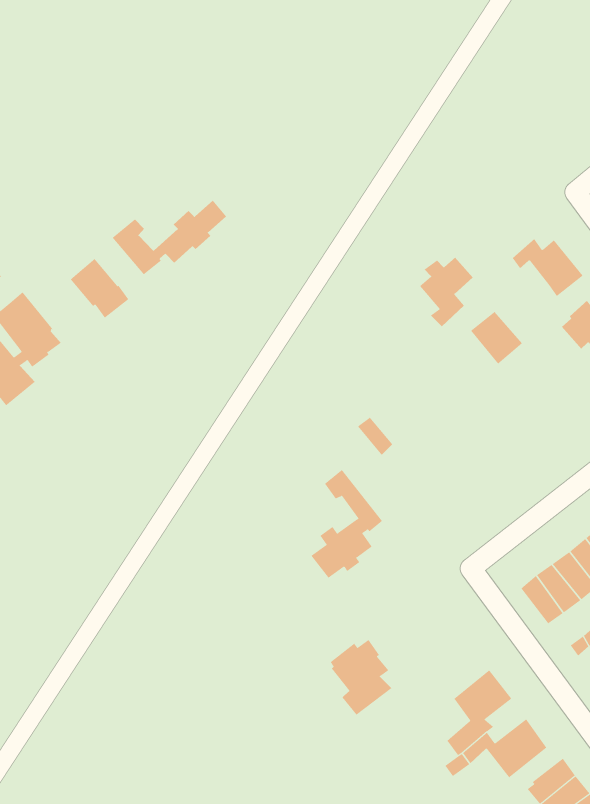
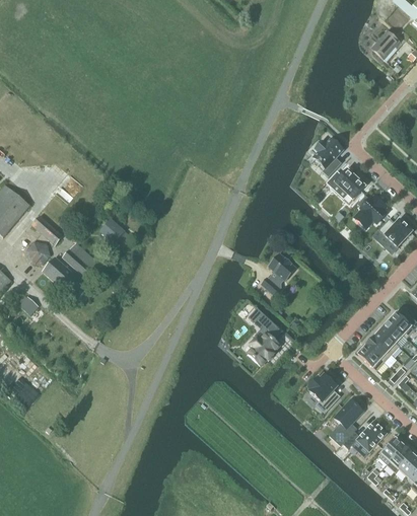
building: [112,200,227,275] -> none
building: [419,257,473,327] -> [310,138,338,175]
building: [470,311,523,365] -> [268,253,296,281]
building: [330,639,392,716] -> [306,373,341,414]

